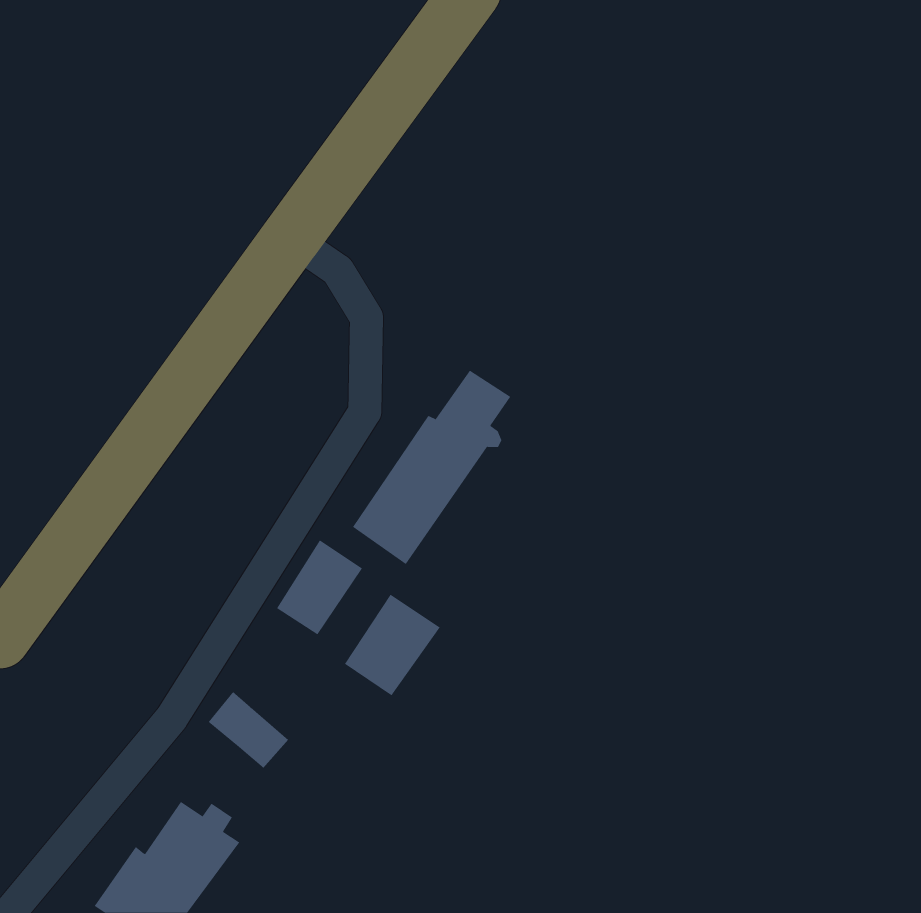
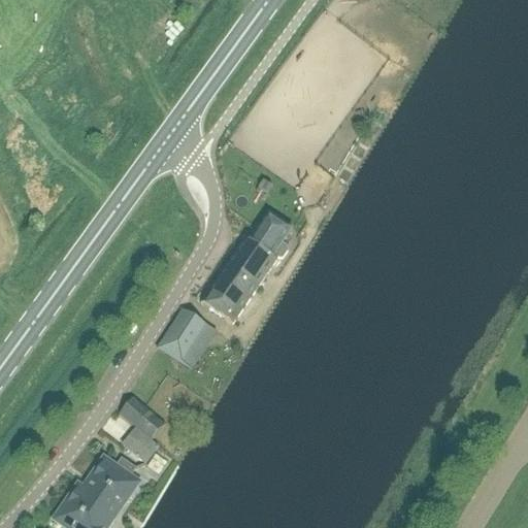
building: [344,594,440,696] -> none
building: none -> [123,427,160,463]

